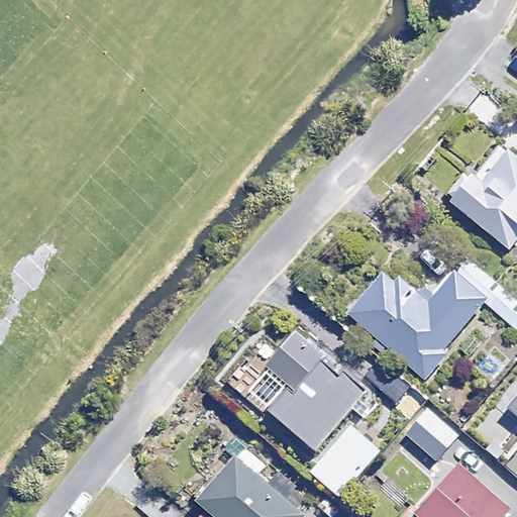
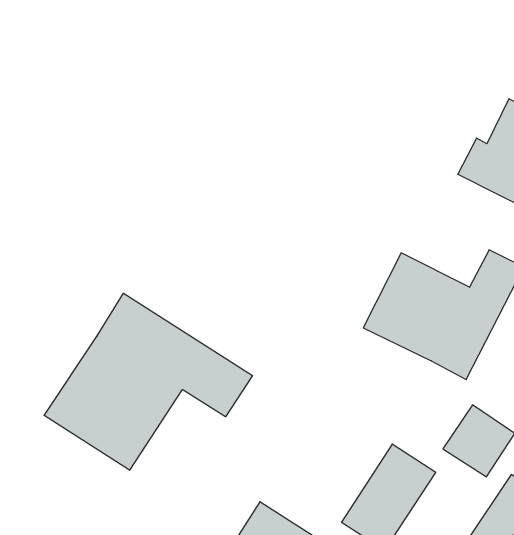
building: none -> [44,293,252,470]
building: [225,326,370,458] -> none

